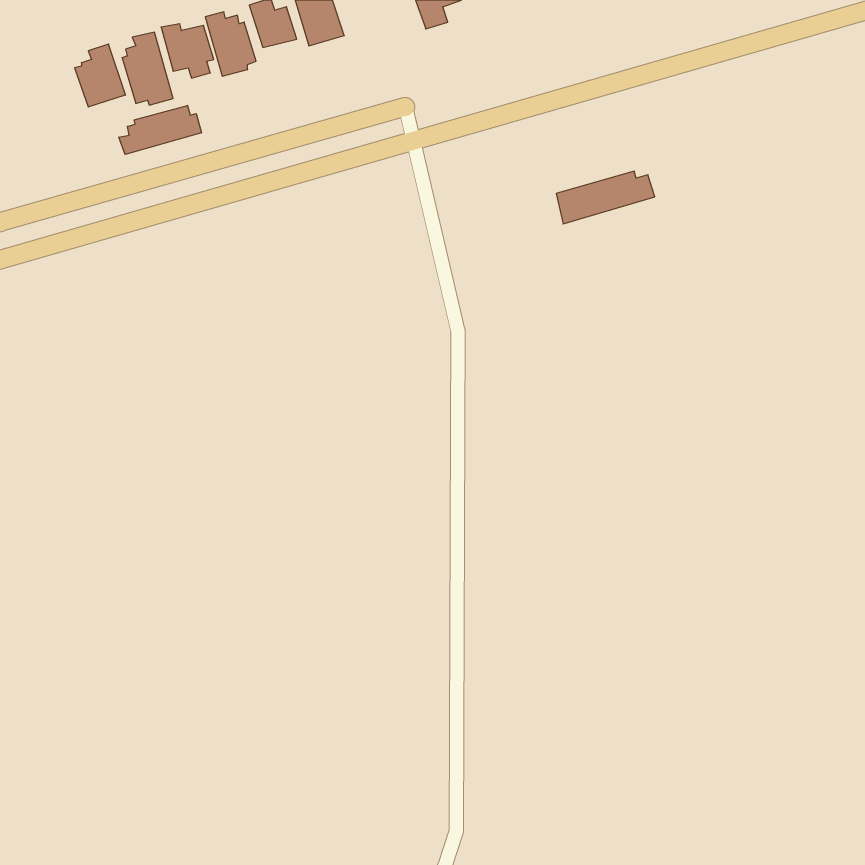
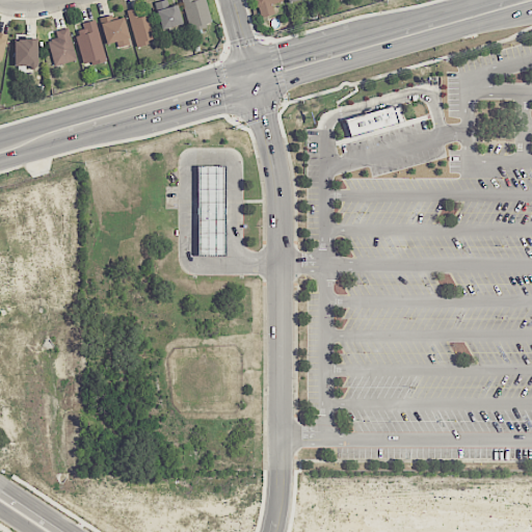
building: none -> [15,38,38,71]
building: [119,105,201,154] -> none
building: none -> [197,166,225,255]

